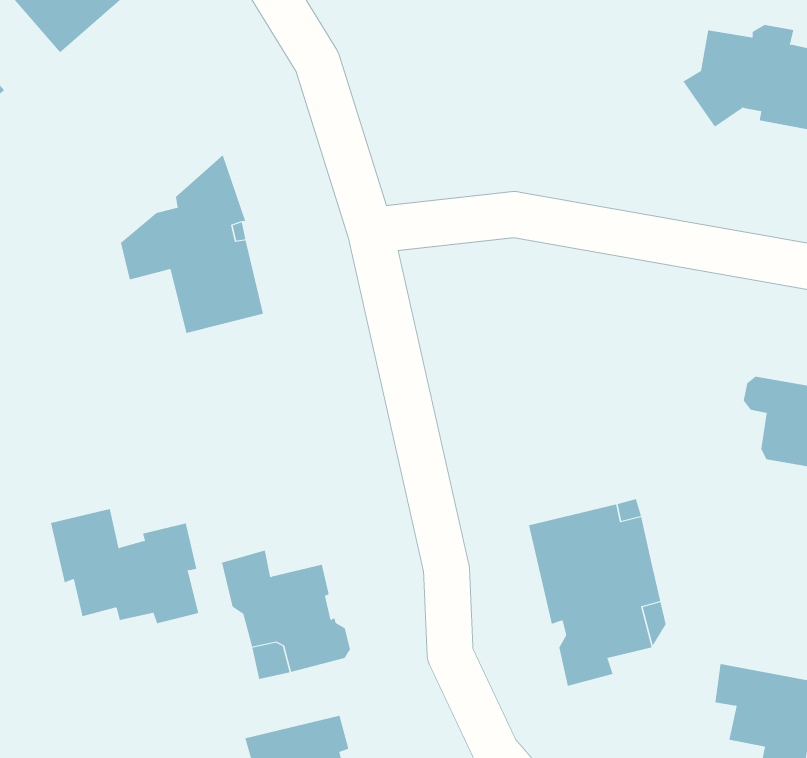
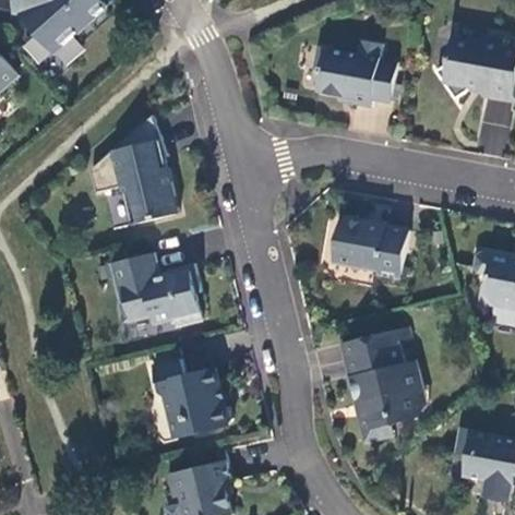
building: none -> [311,39,396,107]
building: none -> [331,217,407,278]
building: [50,509,199,624] -> [109,254,201,325]

